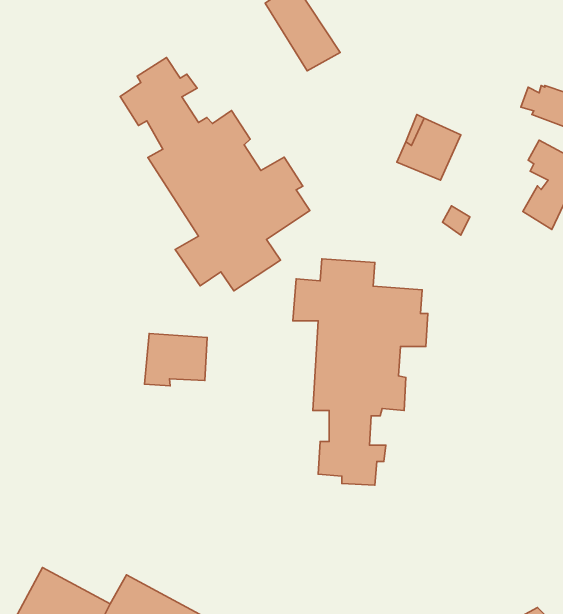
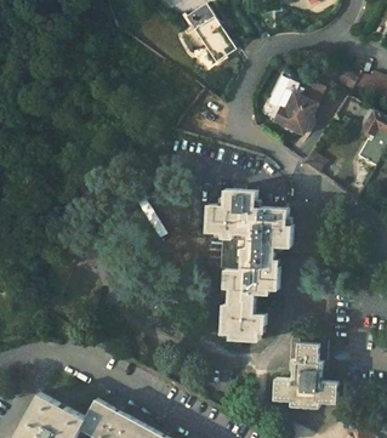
building: [120,57,310,291] -> none
building: [145,333,207,386] -> none
building: none -> [275,341,337,410]

